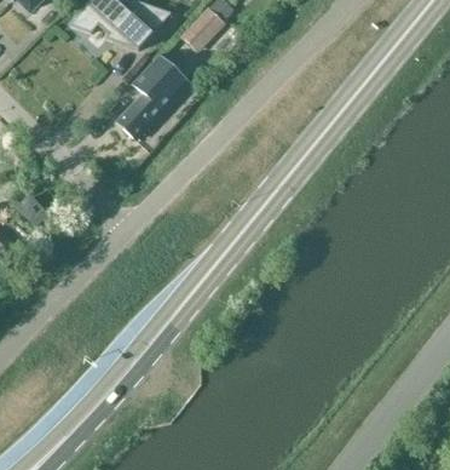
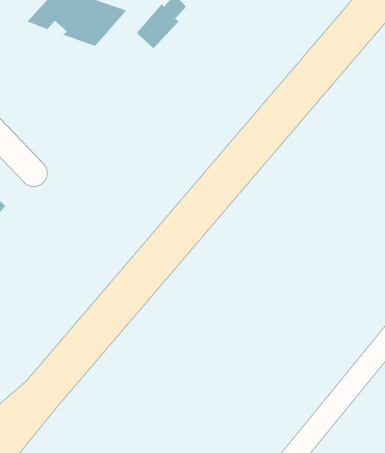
building: [117,58,185,138] -> none

